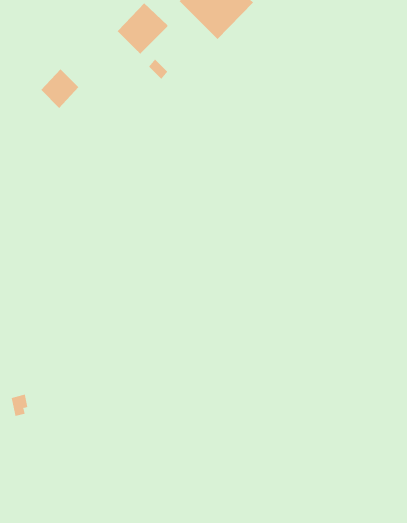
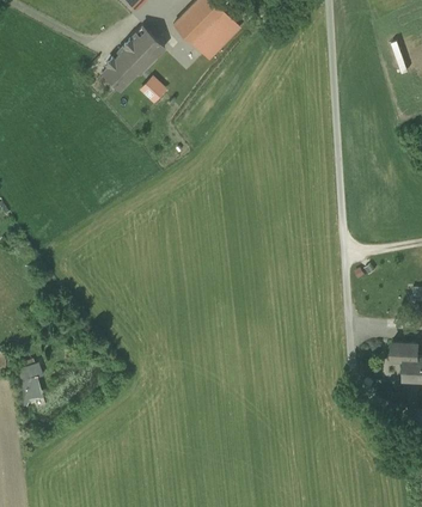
building: [41,69,79,109] -> [102,55,136,91]

